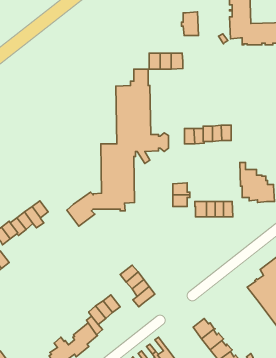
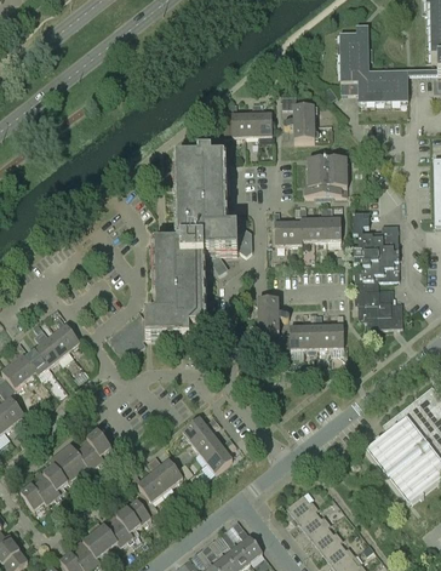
building: [182,12,198,36] -> [290,105,314,139]
building: none -> [304,158,346,198]
building: none -> [351,212,397,279]
building: none -> [19,430,110,508]

